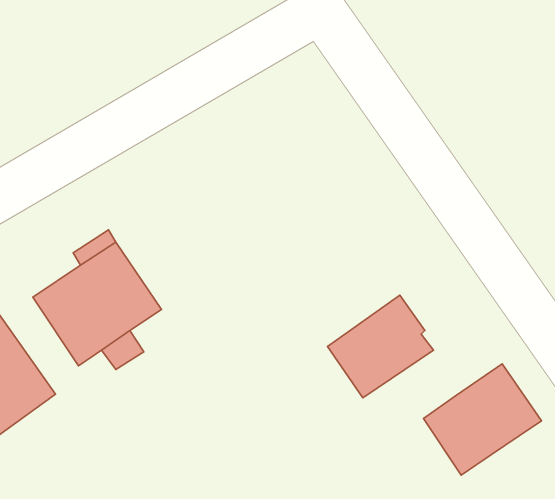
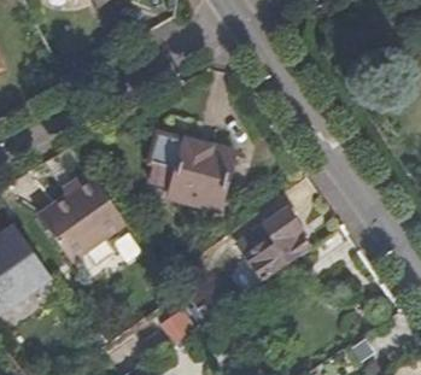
building: none -> [148,130,233,207]
building: [423,364,541,475] -> none

